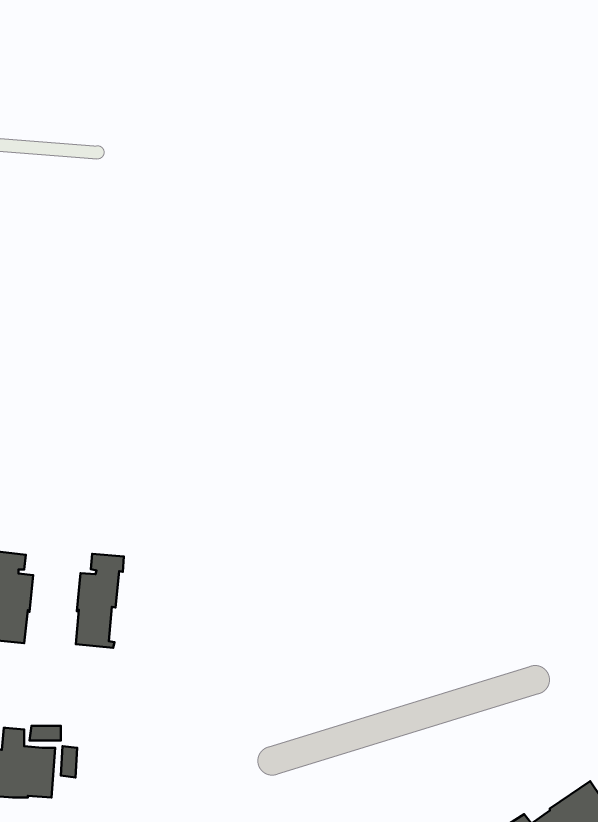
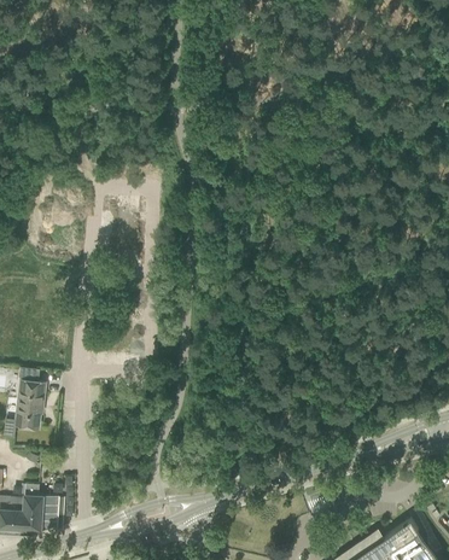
building: [76,554,124,648] -> none

